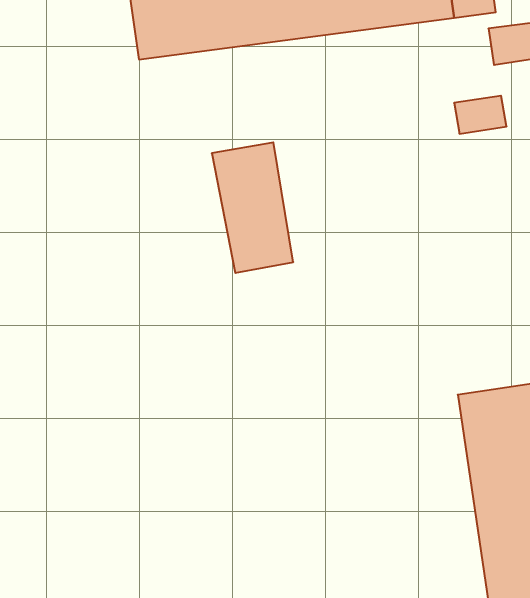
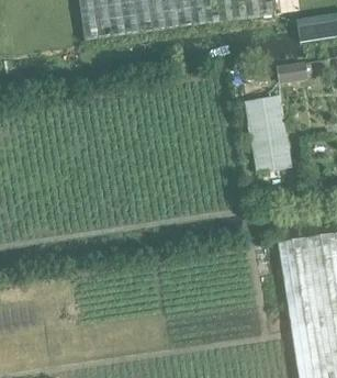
building: [212,142,293,273] -> [243,94,292,174]

